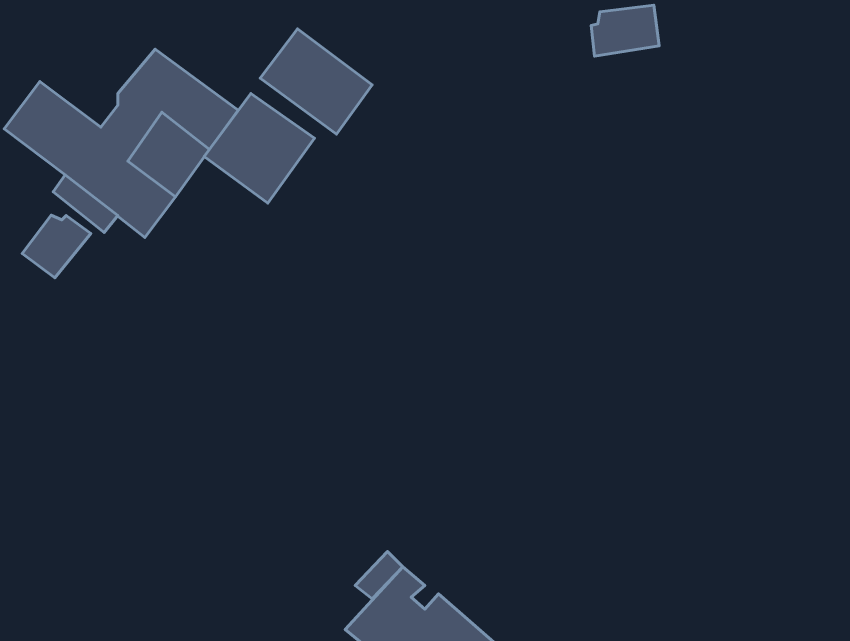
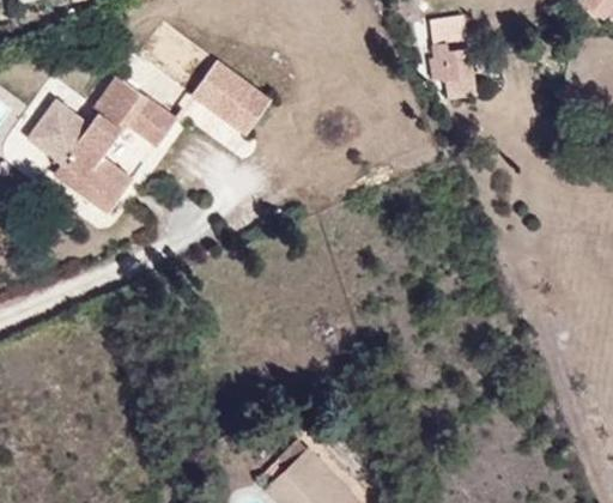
building: [204,93,314,203] -> none
building: [22,215,91,278] -> none

